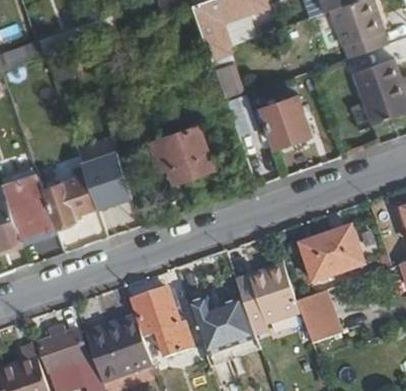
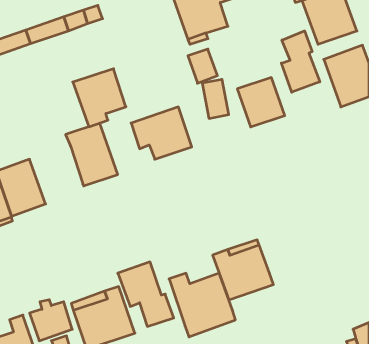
building: none -> [281,31,320,92]
building: [39,164,96,226] -> [73,69,126,127]
building: [301,229,363,282] -> none
building: [296,291,337,341] -> none

